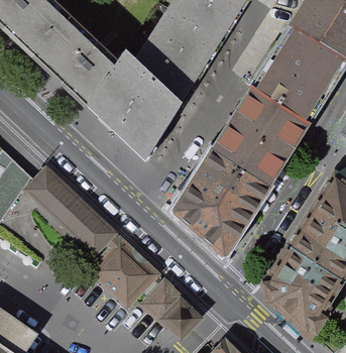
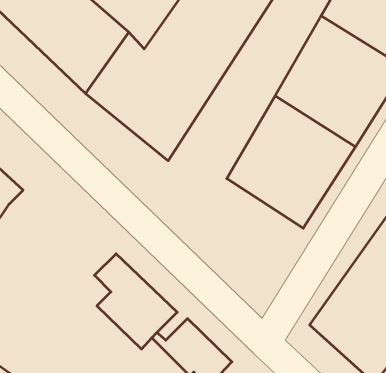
building: [22,167,107,249] -> none
building: [172,168,255,255] -> none

